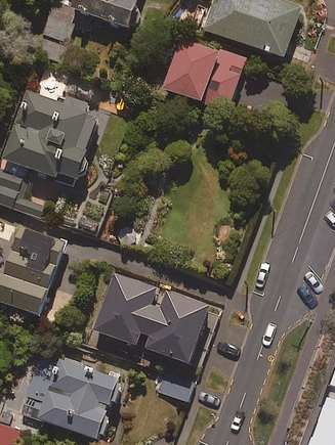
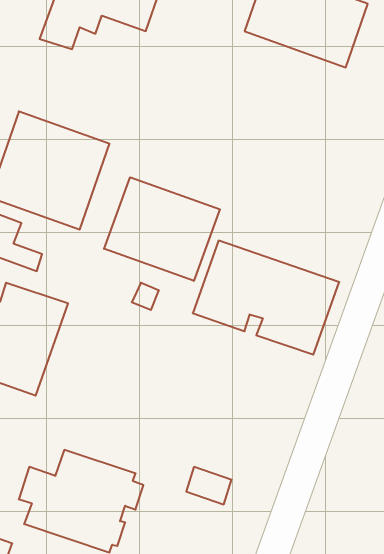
building: [163,39,244,109] -> none
building: none -> [104,177,220,281]
building: [93,272,209,362] -> [193,241,339,355]

